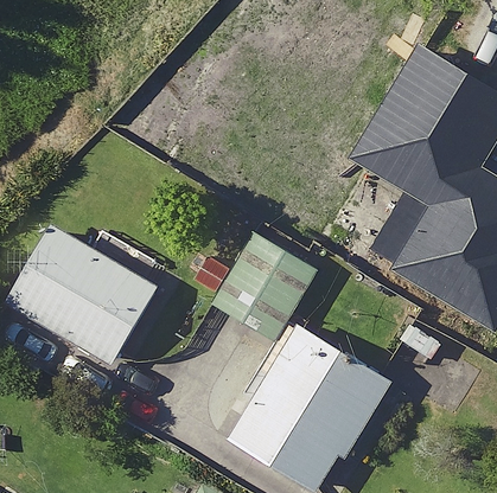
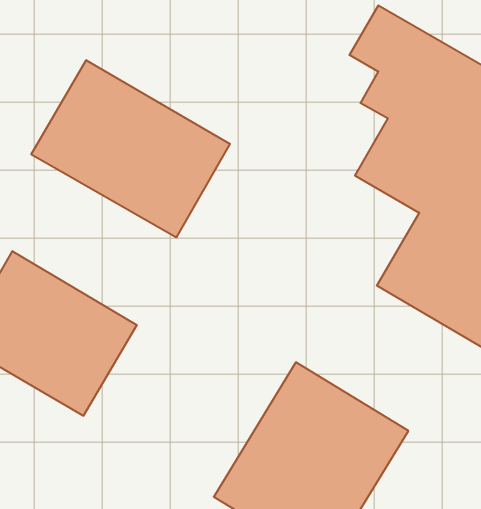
building: none -> [31,60,230,237]
building: [191,220,320,344] -> none

